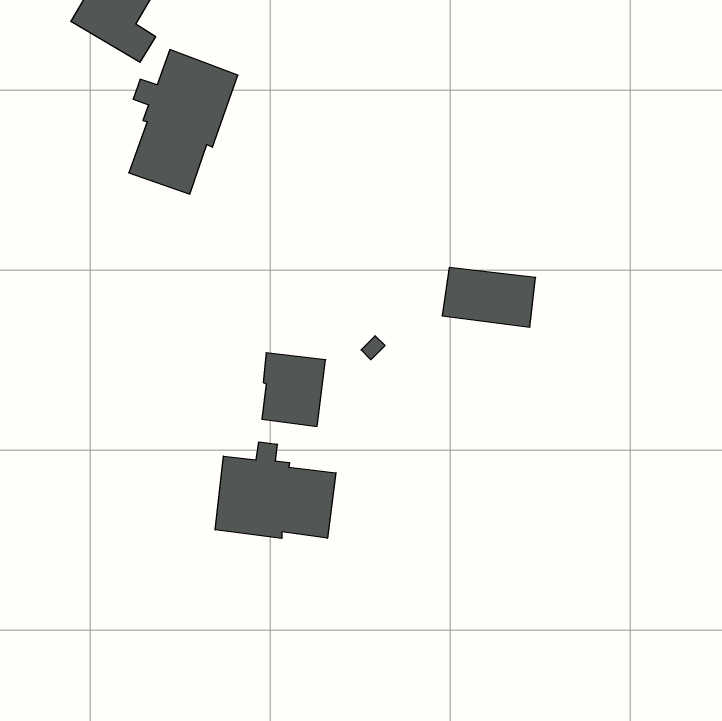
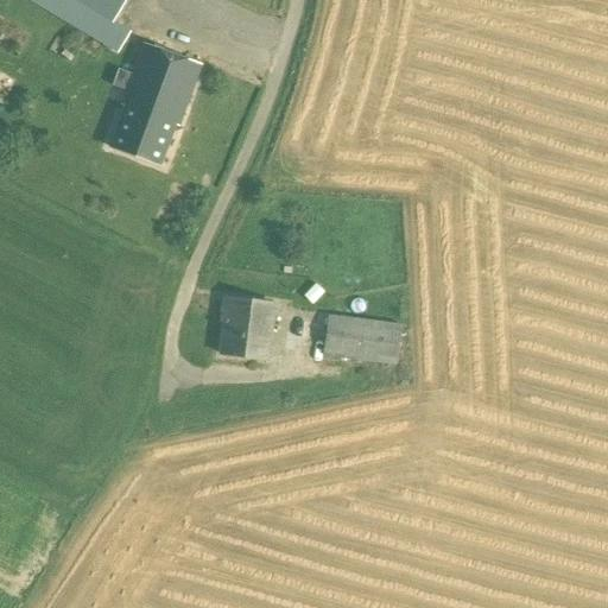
building: [442,268,536,327] -> [323,314,401,363]
building: [215,442,336,538] -> none

